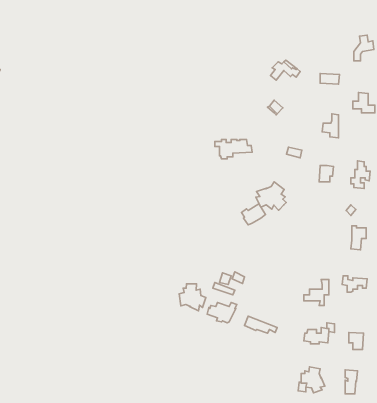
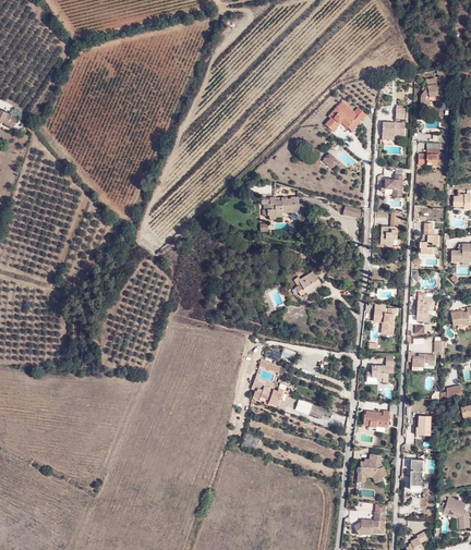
building: [256,182,286,210] -> none
building: none -> [373,304,394,337]
building: [179,284,206,311] -> none

